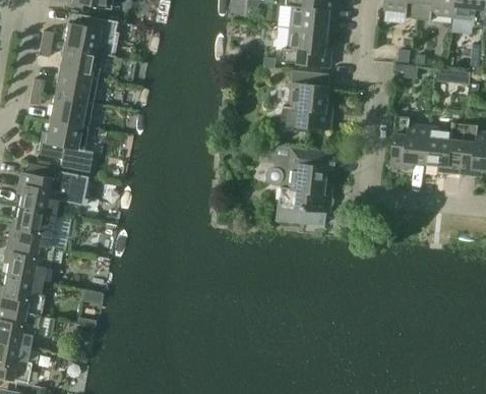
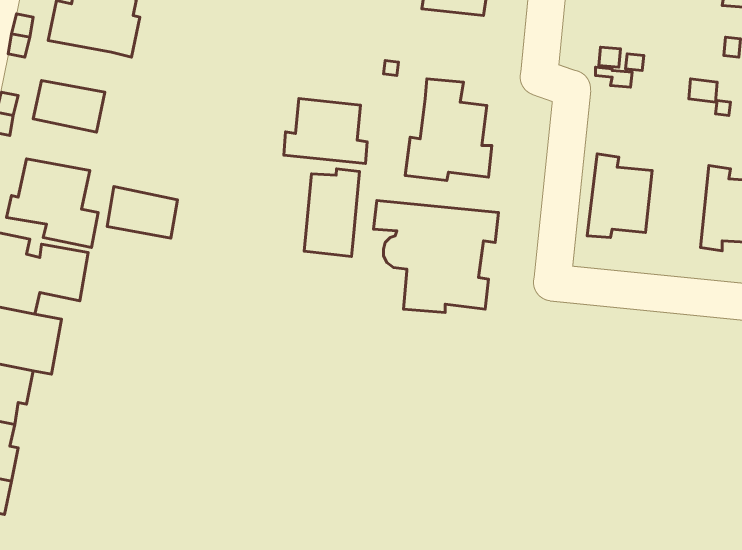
building: [281,29,331,68] -> [284,98,367,164]
building: [58,48,101,79] -> none
building: [49,96,92,127] -> [107,186,177,238]
building: [426,123,465,174] -> none
building: none -> [304,169,360,256]

